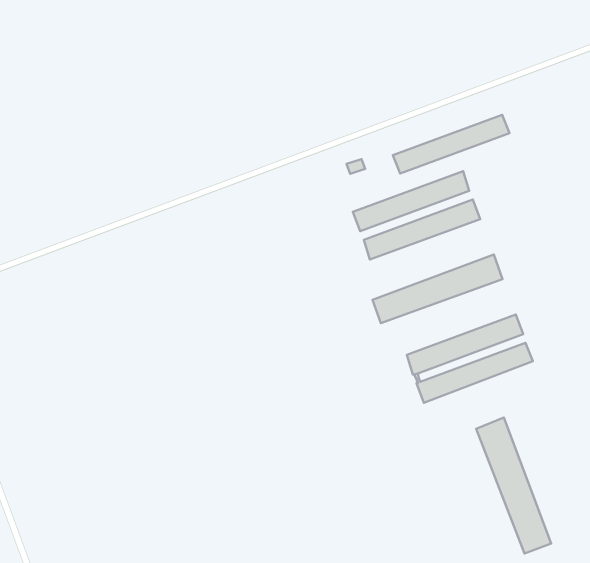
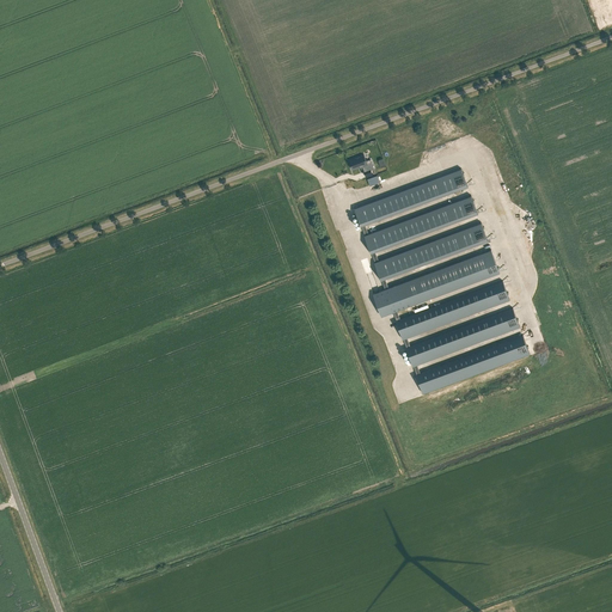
building: [393,115,509,174] -> [373,225,486,282]
building: none -> [394,283,508,341]
building: [476,418,551,554] -> none

